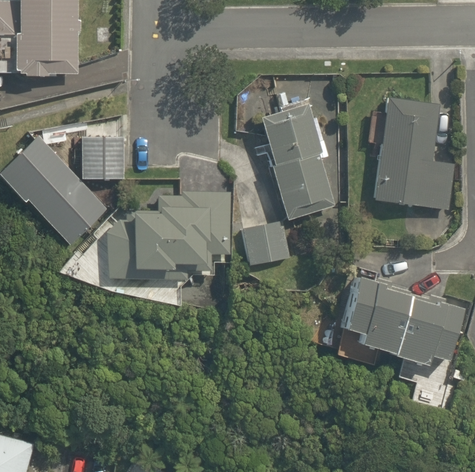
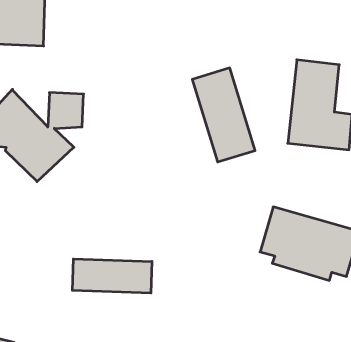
building: [102,155,233,288] -> none
building: [243,220,292,264] -> none
building: none -> [72,259,152,293]

